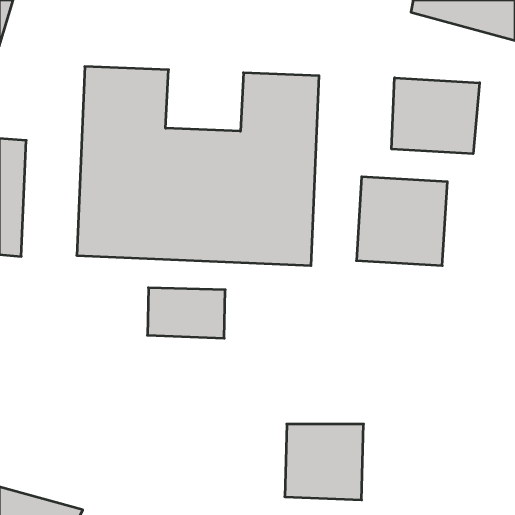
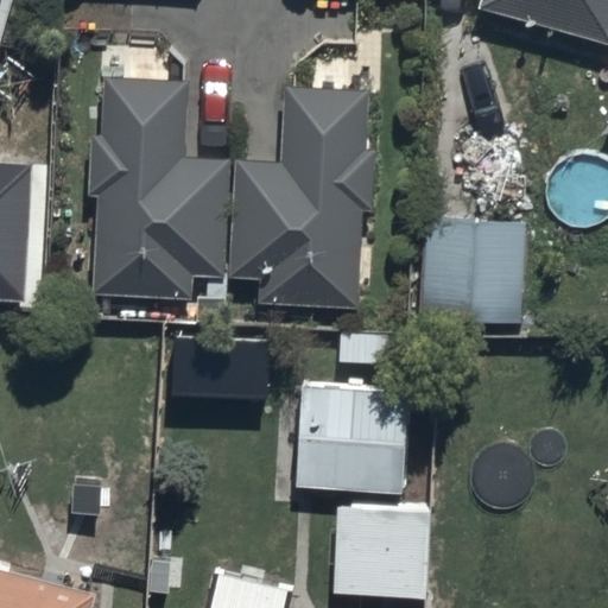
building: [392,78,480,154] -> none
building: none -> [298,379,407,486]

